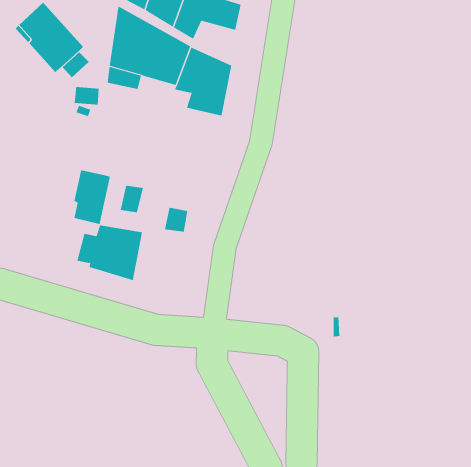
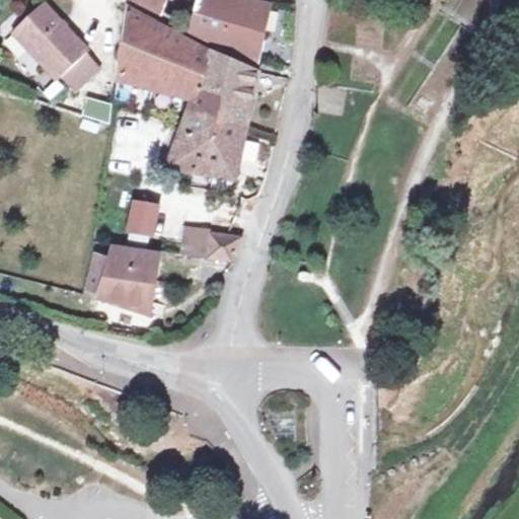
building: none -> [213,23,260,61]
building: none -> [163,98,244,177]
building: [74,170,111,225] -> none
building: none -> [203,230,240,260]

